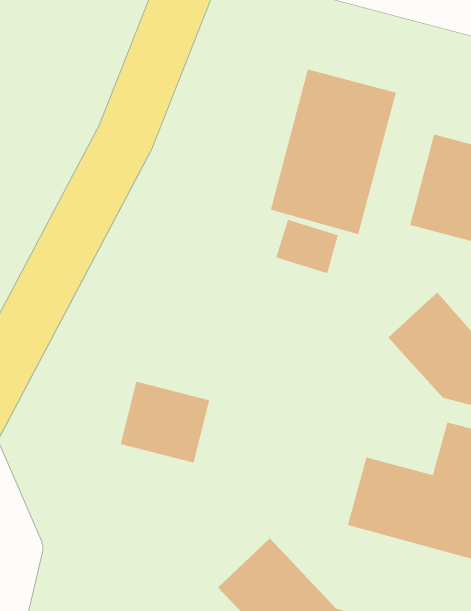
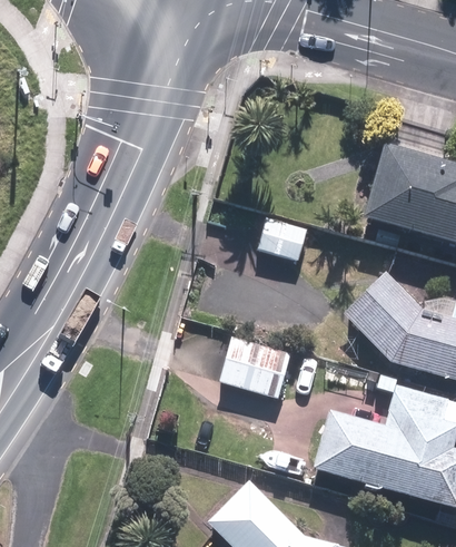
building: [270,69,397,235] -> none
building: [120,381,210,463] -> [217,332,291,400]

